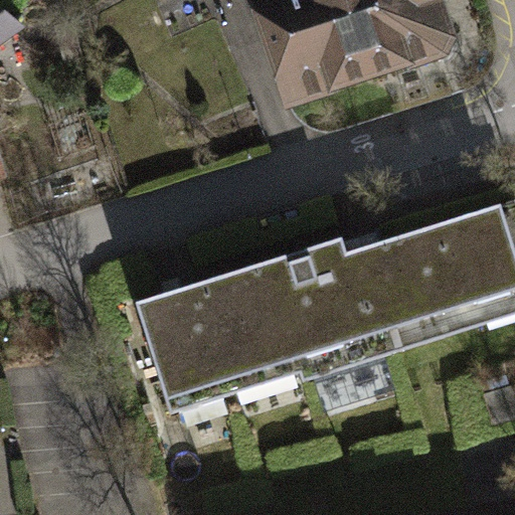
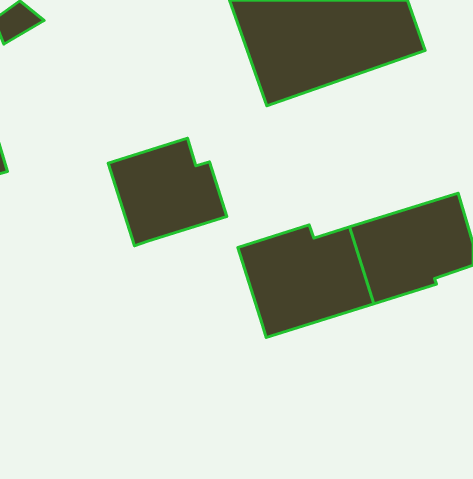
building: none -> [108,138,227,246]
building: [140,266,282,397] -> none

